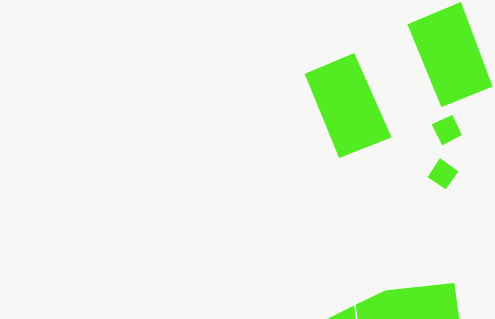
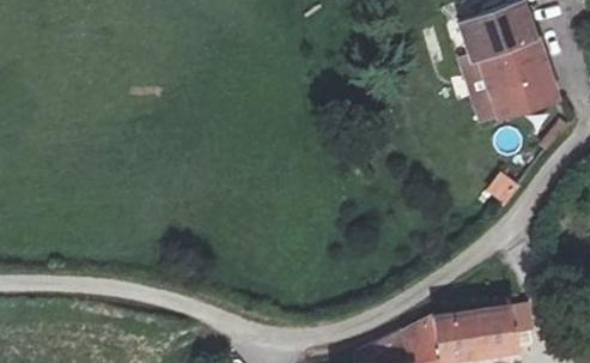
building: [304,52,392,159] -> none

